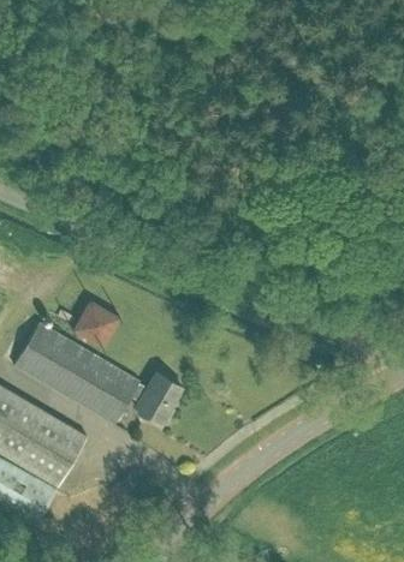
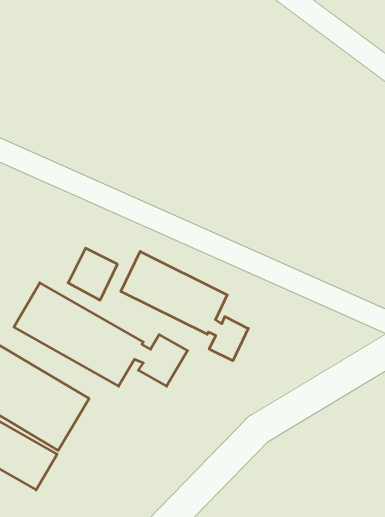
building: none -> [121,251,248,361]

